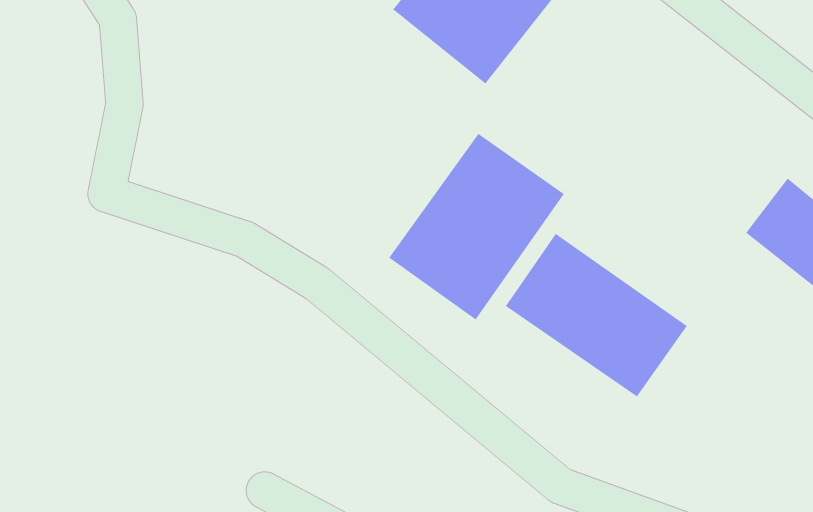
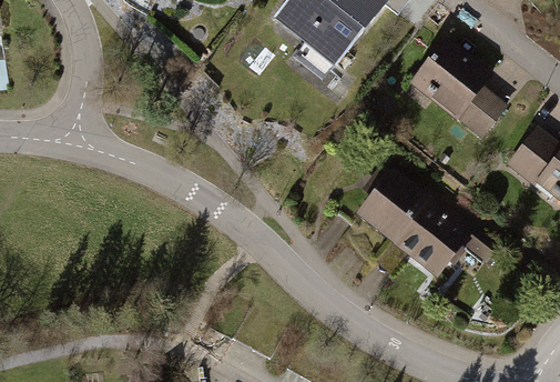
building: none -> [413,40,505,137]
building: [388,133,565,320] -> none

